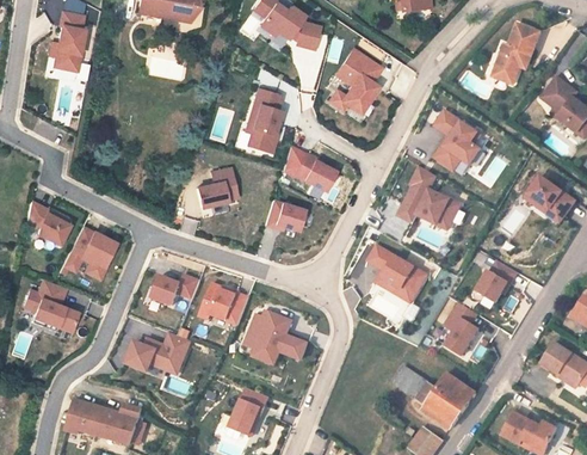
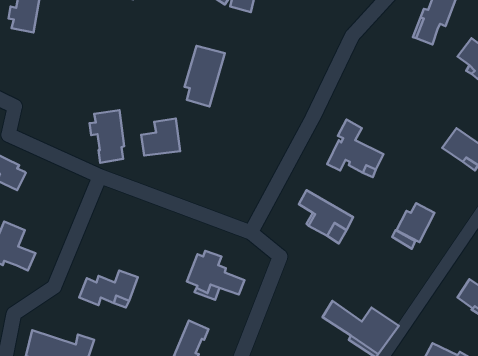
building: [323,45,382,115] -> none
building: [432,109,481,171] -> none
building: [279,145,336,191] -> none
building: none -> [90,110,124,163]
building: [264,196,304,233] -> none
building: [61,226,113,278] -> none
building: [152,273,199,305] -> none
building: [209,288,248,324] -> none
building: [444,302,478,355] -> none

